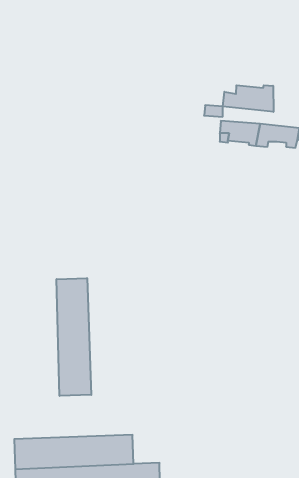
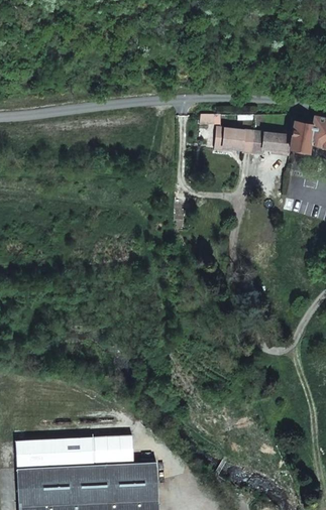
building: [223,85,273,112] -> none
building: [57,278,91,396] -> none

